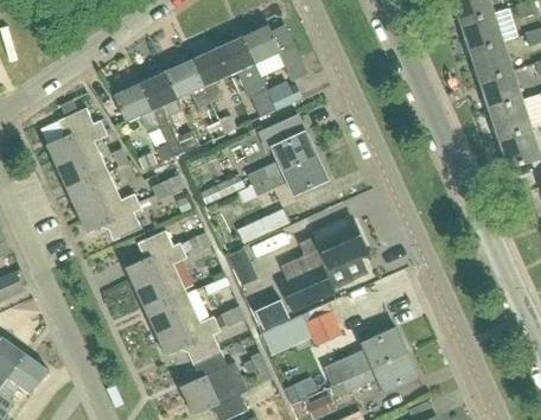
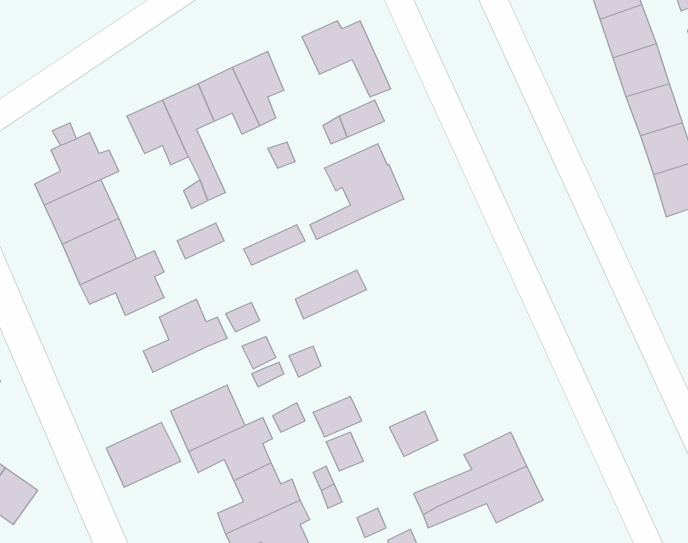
building: [217,37,267,97] -> none
building: [238,155,329,202] -> none
building: [281,217,368,310] -> none
building: [133,263,187,311] -> [106,422,181,487]

